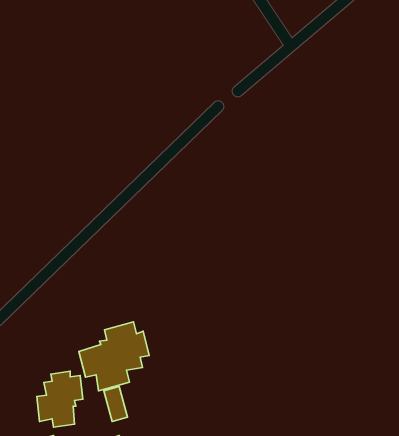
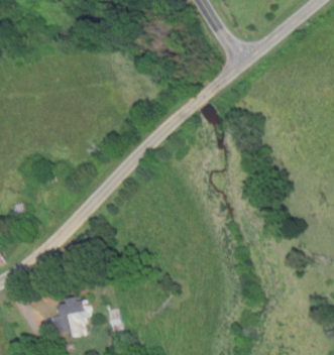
building: [79,322,149,391] -> none

